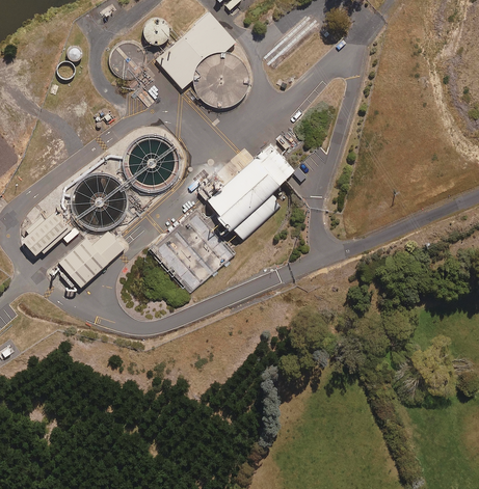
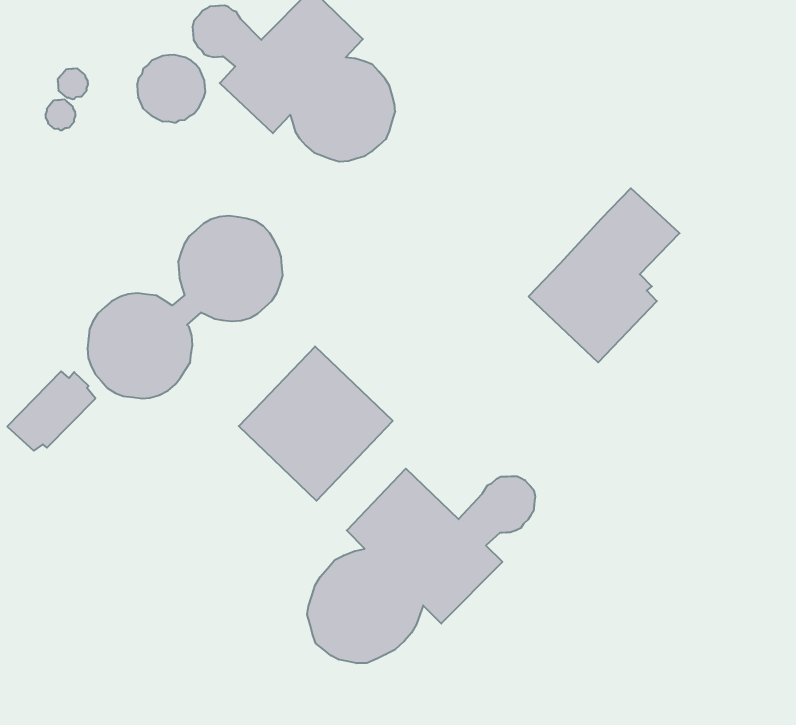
building: [208,144,294,239] -> [529,188,680,362]
building: [56,232,123,289] -> none
building: none -> [307,469,535,663]

